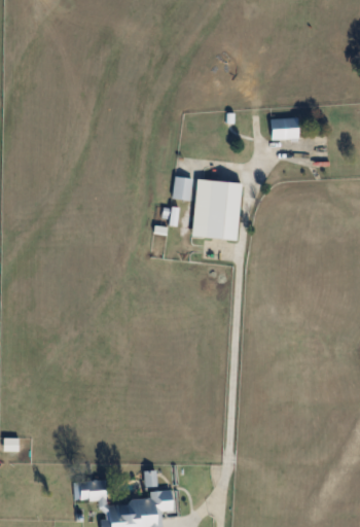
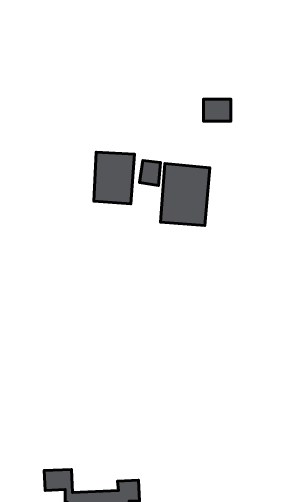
building: [272,118,298,140] -> [204,99,231,121]
building: none -> [94,152,134,204]

